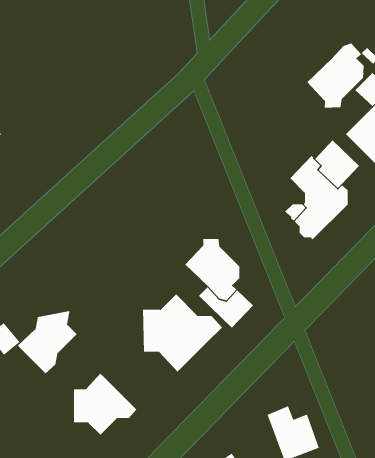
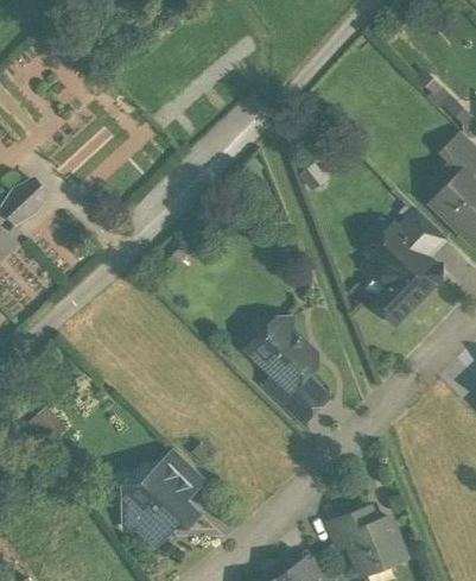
building: [306,43,364,109] -> none
building: [142,294,223,372] -> none
building: [17,310,77,374] -> none
building: none -> [154,451,202,499]

